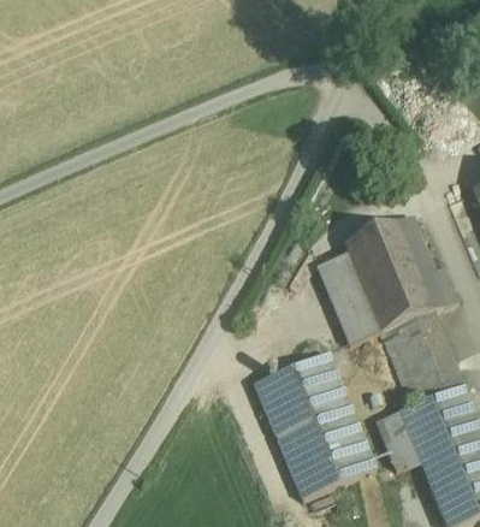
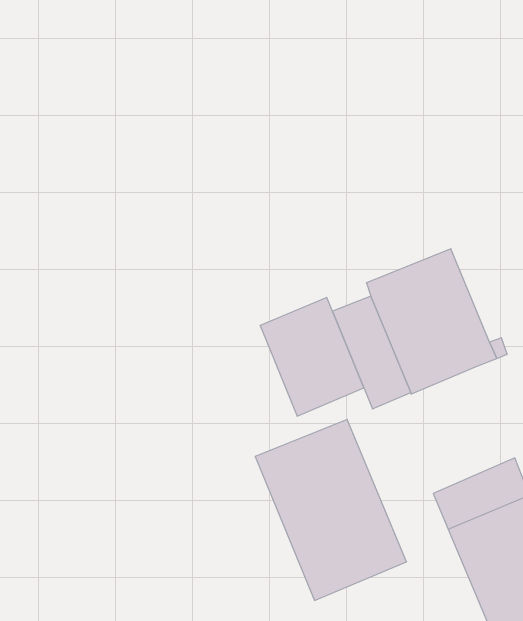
building: [380,307,464,403] -> [260,297,364,416]
building: [374,410,417,466] -> none

